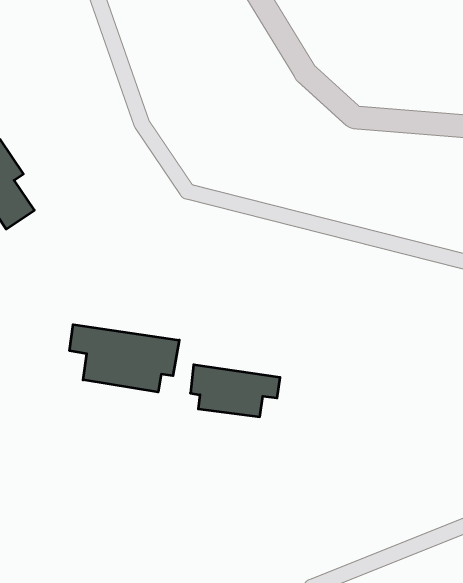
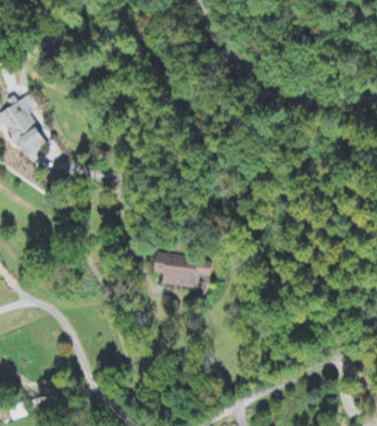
building: [70,325,179,392] -> none

